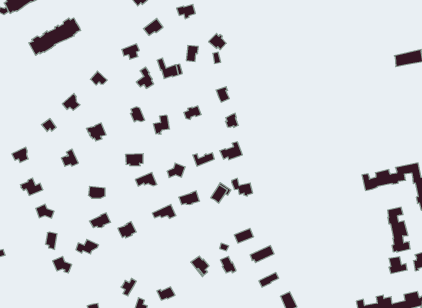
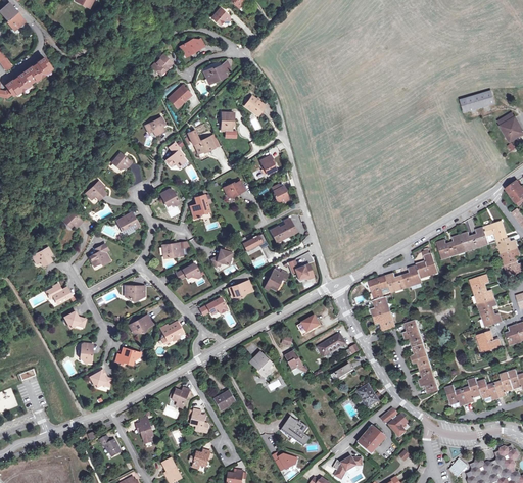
building: [29,18,81,55] -> none
building: none -> [369,252,437,330]
building: none -> [402,320,439,392]

